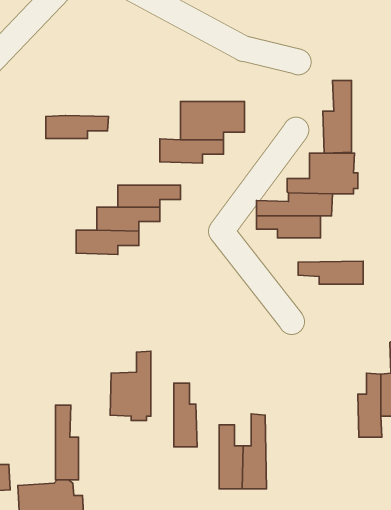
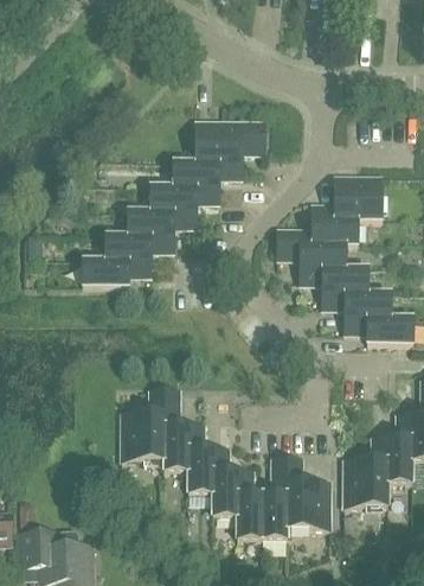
building: [323,81,351,153] -> none
building: [46,115,109,139] -> [152,185,219,210]
building: none -> [300,267,368,292]
building: none -> [345,316,413,343]
building: none -> [342,435,387,510]
building: none -> [212,446,237,515]
building: [55,405,79,480] -> [163,389,188,470]
building: none -> [287,458,329,533]

